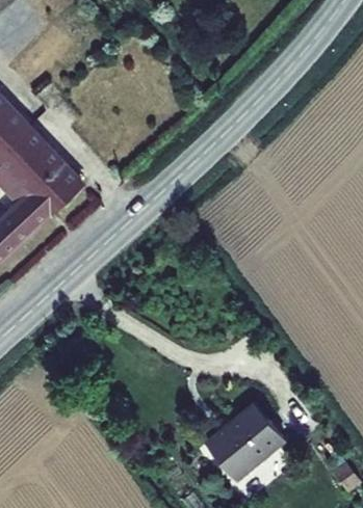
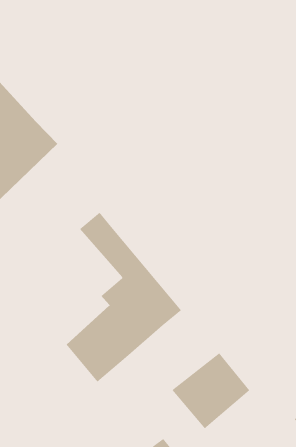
building: none -> [66,212,182,382]

